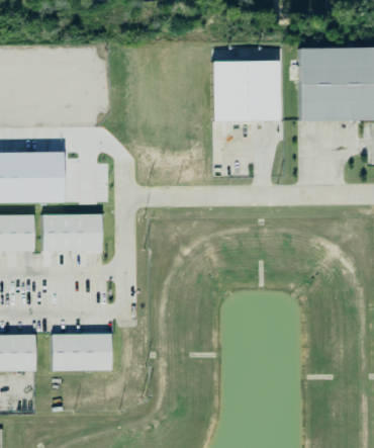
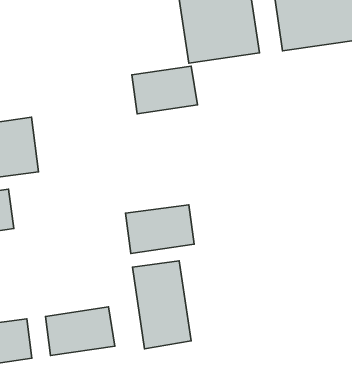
building: none -> [132,66,198,114]
building: [43,214,102,252] -> [126,205,194,254]
building: none -> [132,261,191,349]

